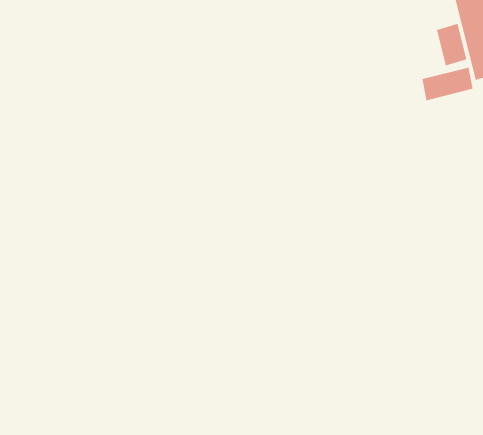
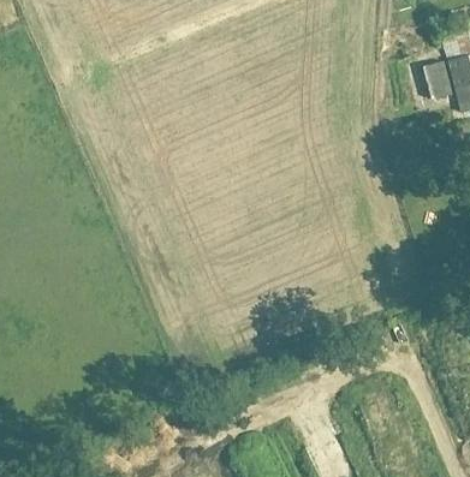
building: [422,67,473,101] -> none

